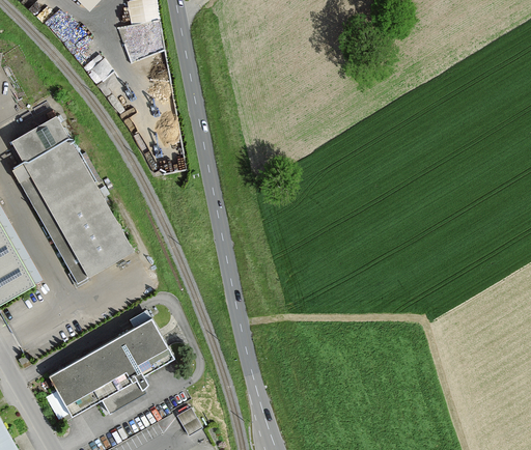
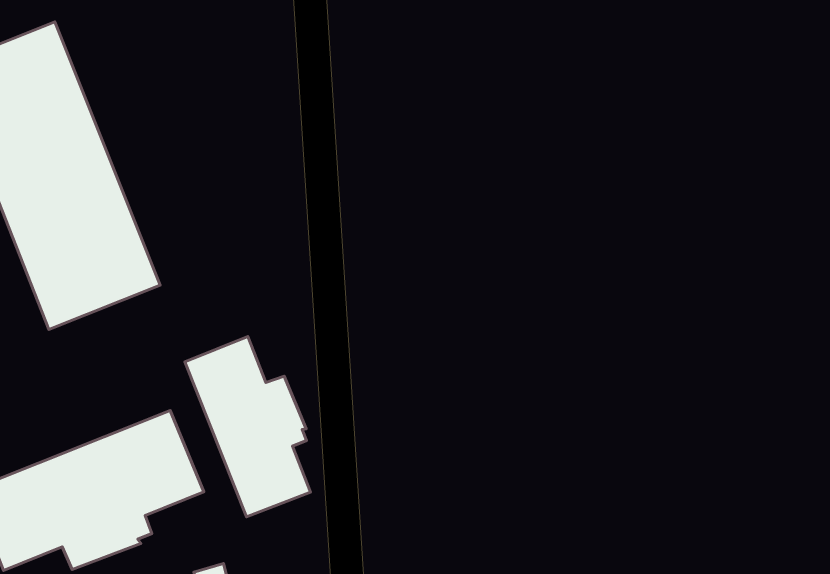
building: none -> [185,336,311,517]

